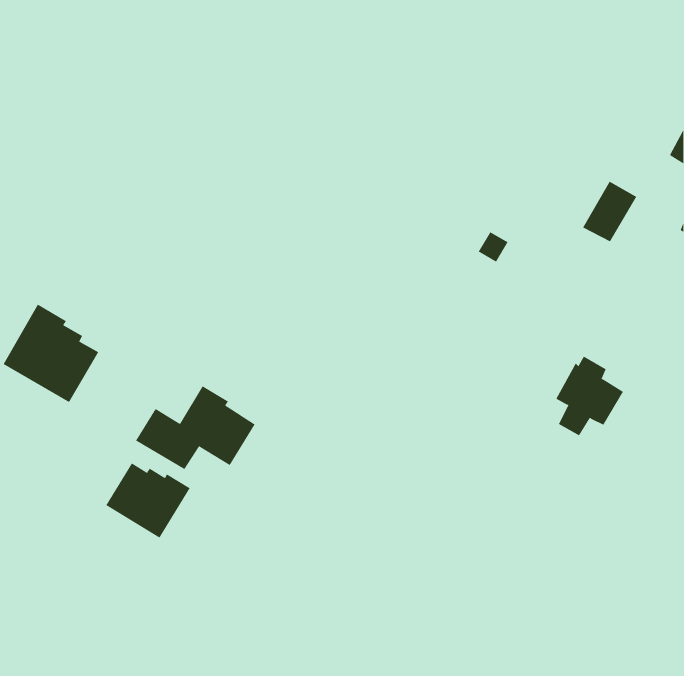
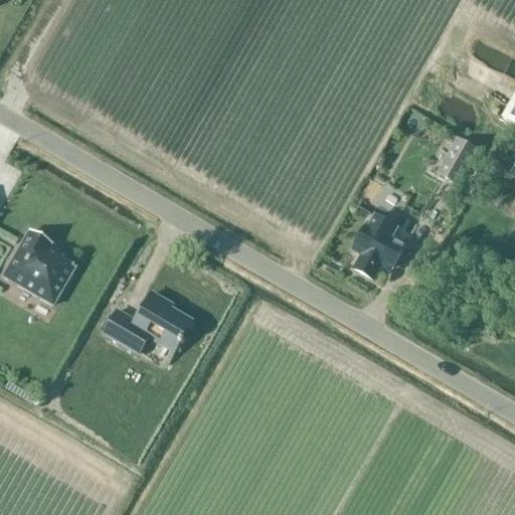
building: [556,356,624,436] -> [355,213,406,274]
building: [106,463,191,539] -> none

